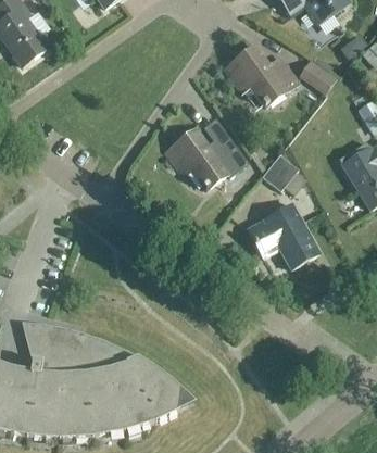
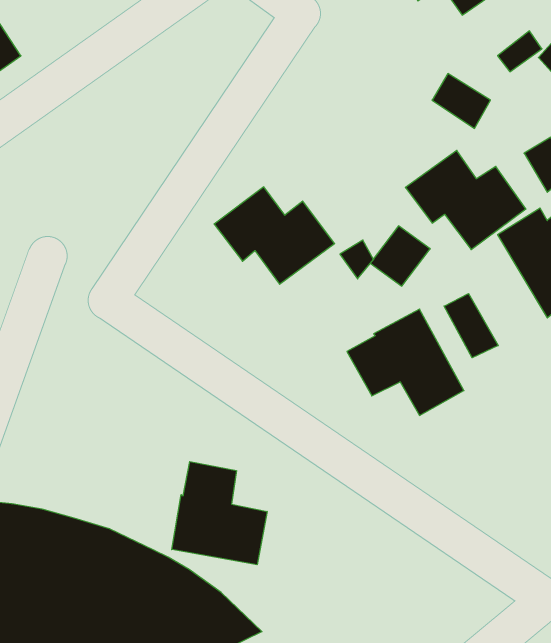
building: [224,45,298,105] -> [405,150,526,250]
building: none -> [444,294,498,358]
building: none -> [172,462,267,565]

